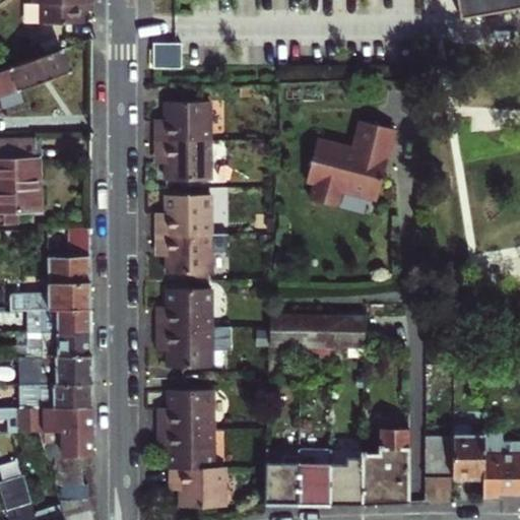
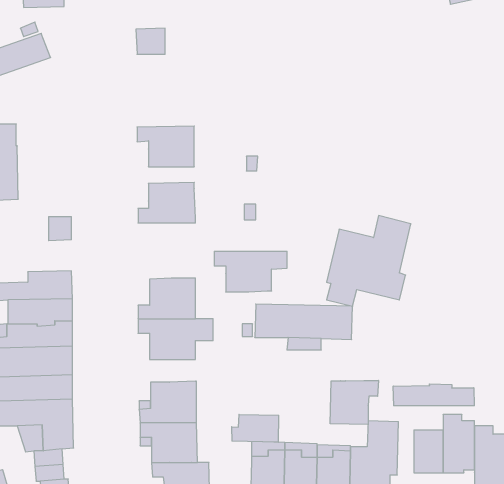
building: [154,102,210,141] -> none
building: [308,130,390,218] -> [327,216,411,306]
building: [155,235,226,274] -> [214,251,287,292]
building: [47,259,90,282] -> none
building: none -> [330,380,378,425]
building: none -> [393,384,474,406]
building: none -> [232,414,279,442]

